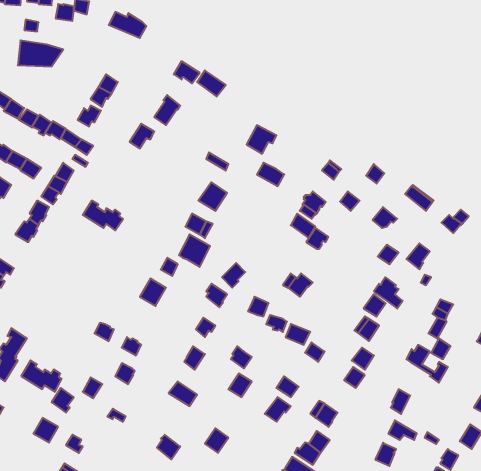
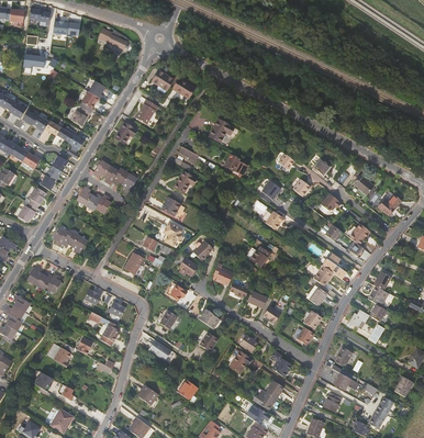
building: none -> [93,159,137,191]
building: none -> [53,227,87,254]
building: [21,360,62,392] -> [26,266,60,292]

